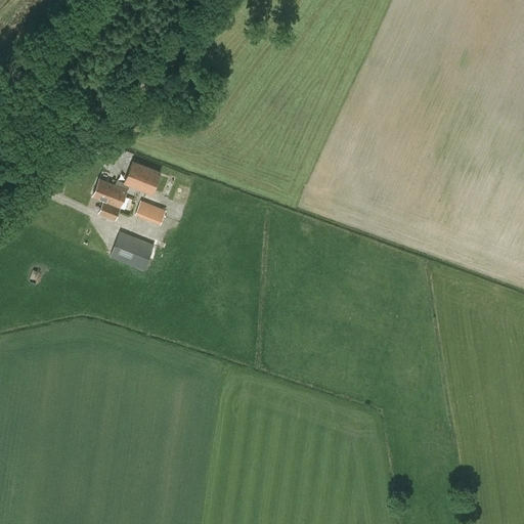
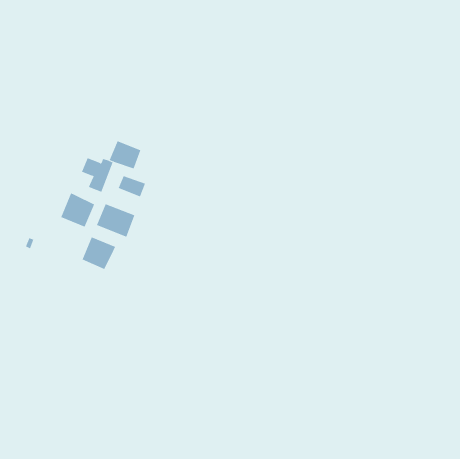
building: none -> [61,193,95,228]
building: none -> [82,237,116,270]

